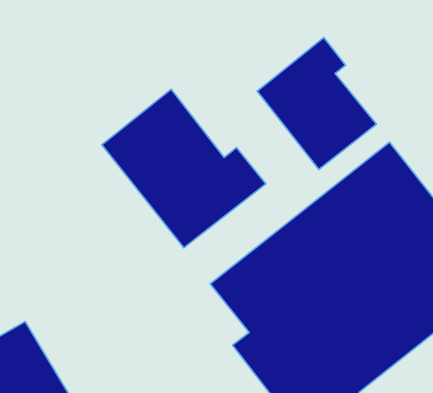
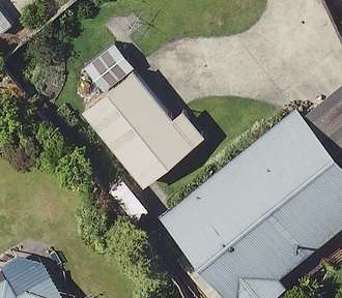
building: [257,38,376,169] -> none

